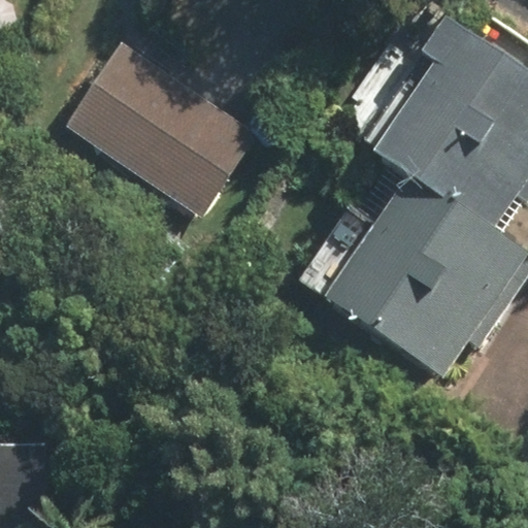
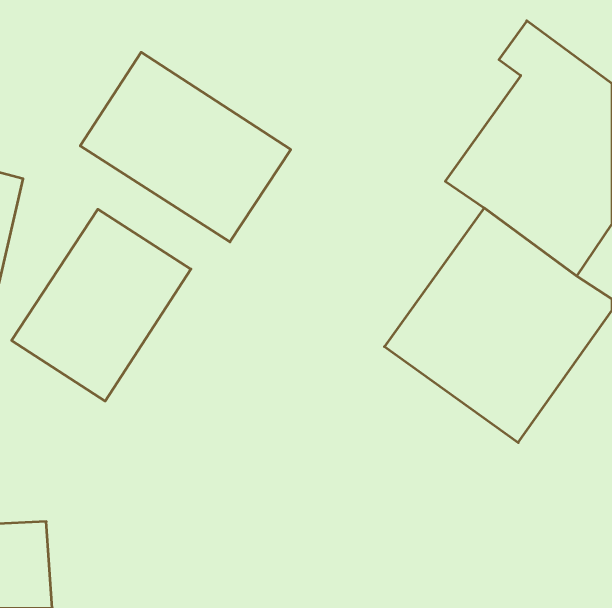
building: none -> [12,209,191,401]

